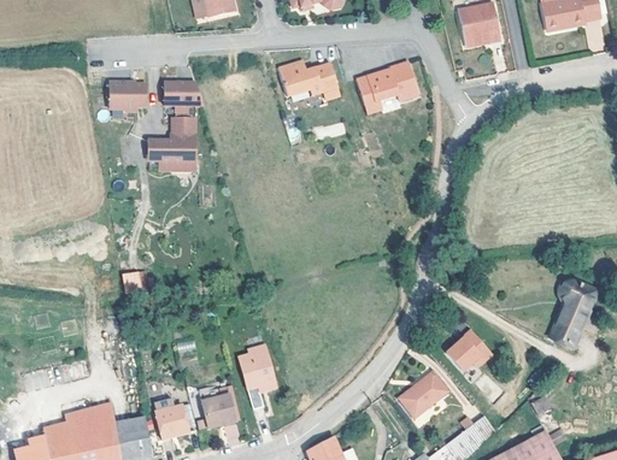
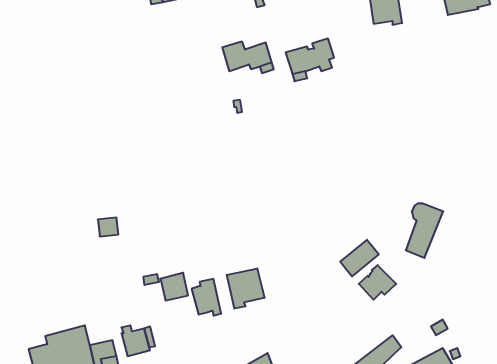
building: [108,76,143,106] -> none
building: [147,81,201,167] -> none
building: [548,283,594,349] -> [406,204,443,258]
building: none -> [227,268,264,309]
building: [398,373,445,418] -> [340,240,379,276]
building: [204,395,237,429] -> [160,273,188,300]

